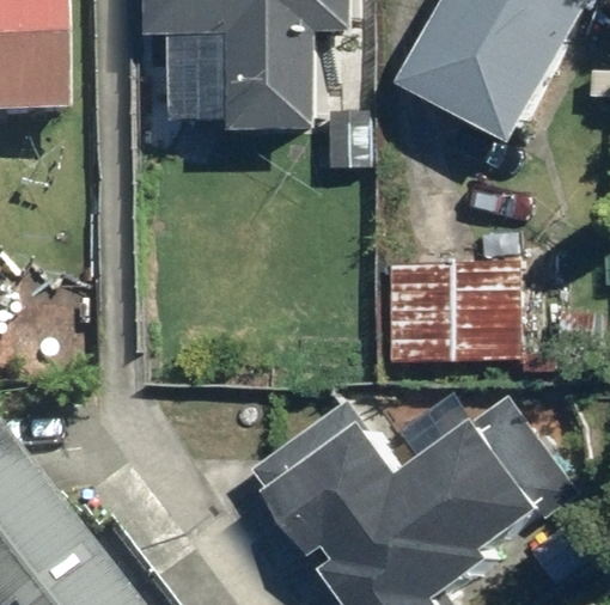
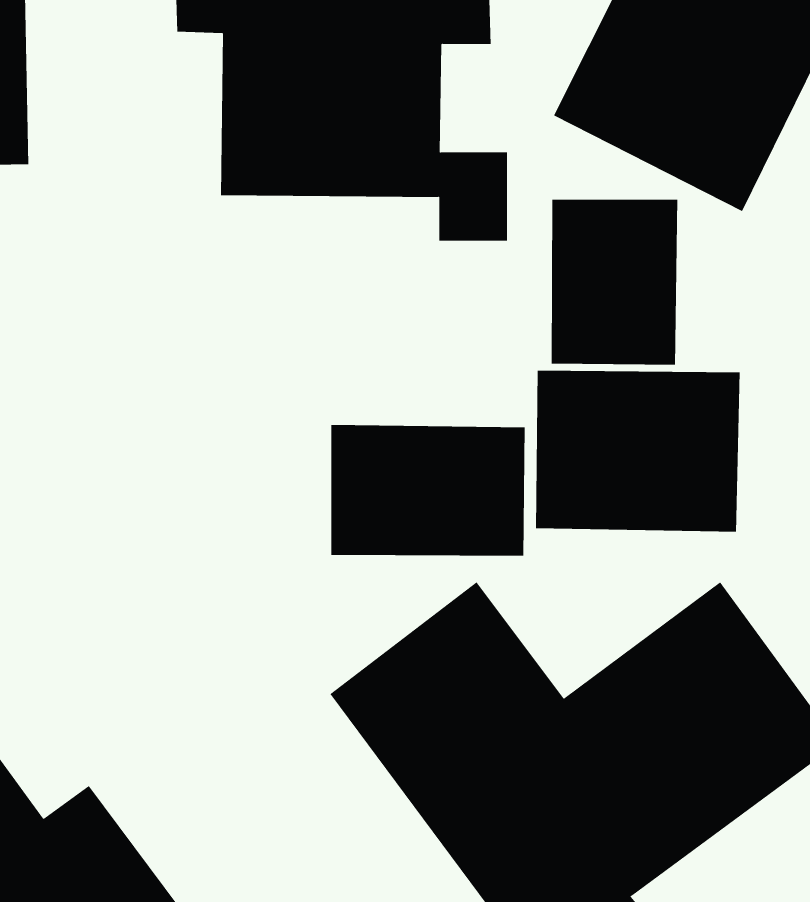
building: none -> [551,199,678,366]
building: none -> [331,424,525,556]

